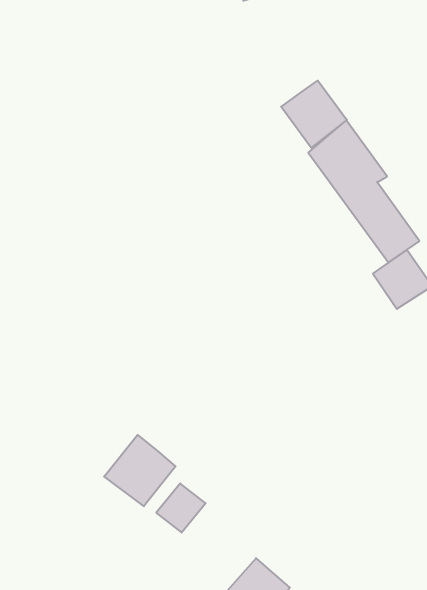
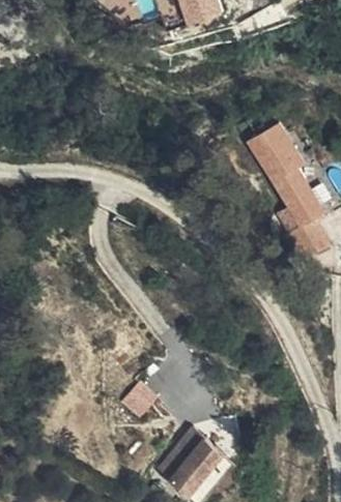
building: [281,81,347,148] -> none
building: [104,435,176,506] -> none

